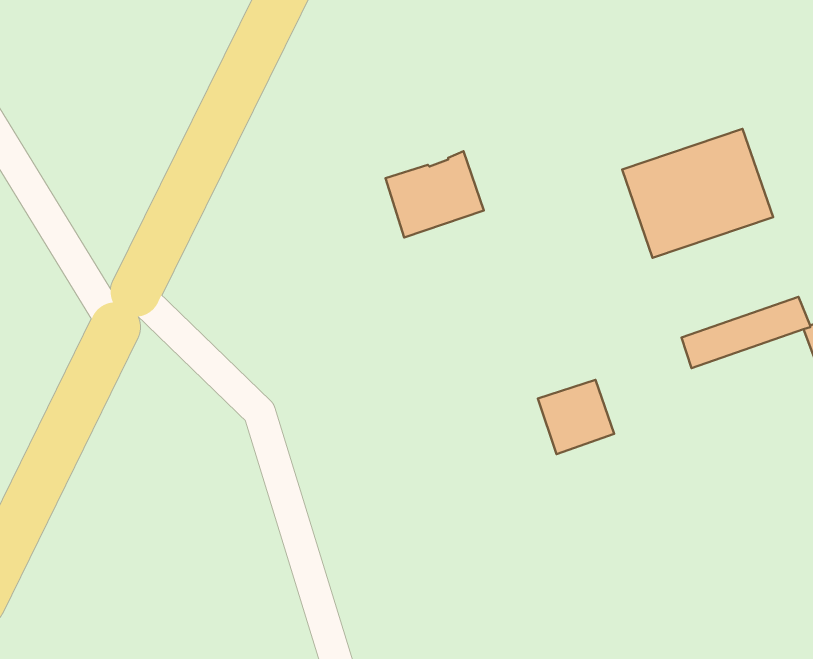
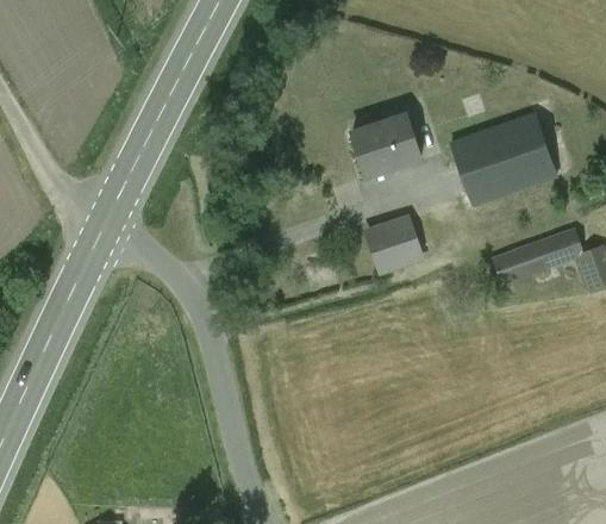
building: [385,151,484,238] -> [351,116,420,176]
building: [538,380,614,454] -> [366,219,419,272]

